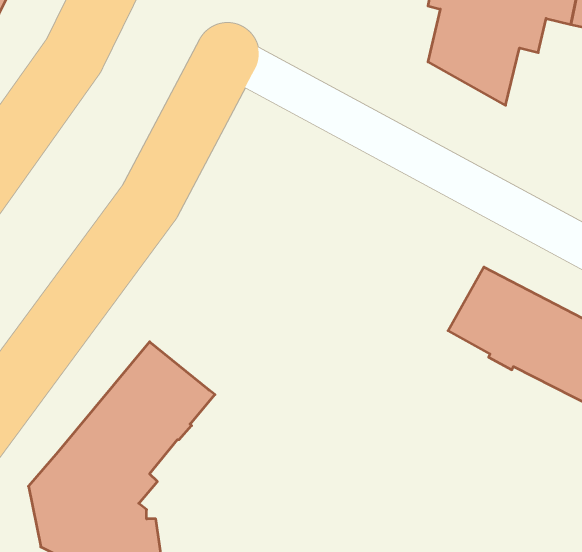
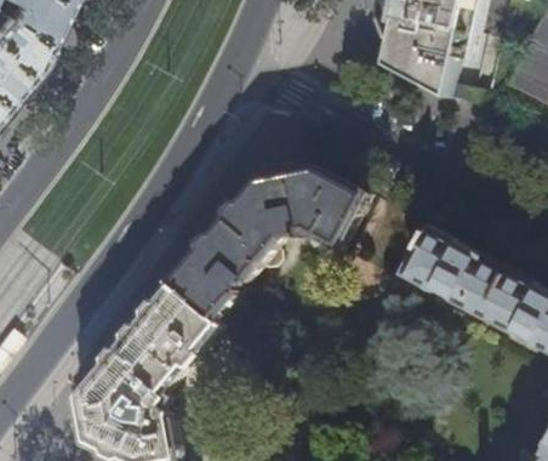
building: none -> [165,165,364,320]

